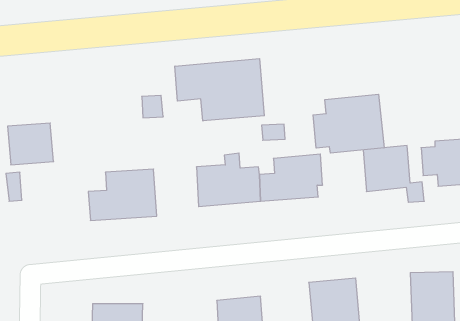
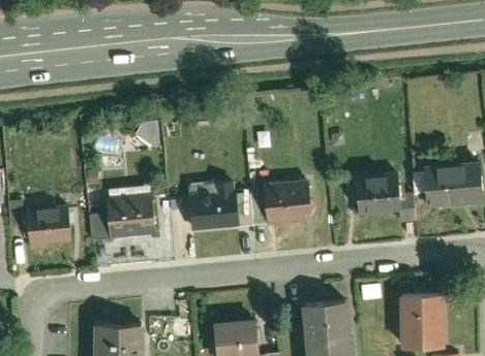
building: [175,59,264,121] -> none
building: [313,94,384,153] -> none
building: [8,123,54,165] -> [28,202,72,242]

